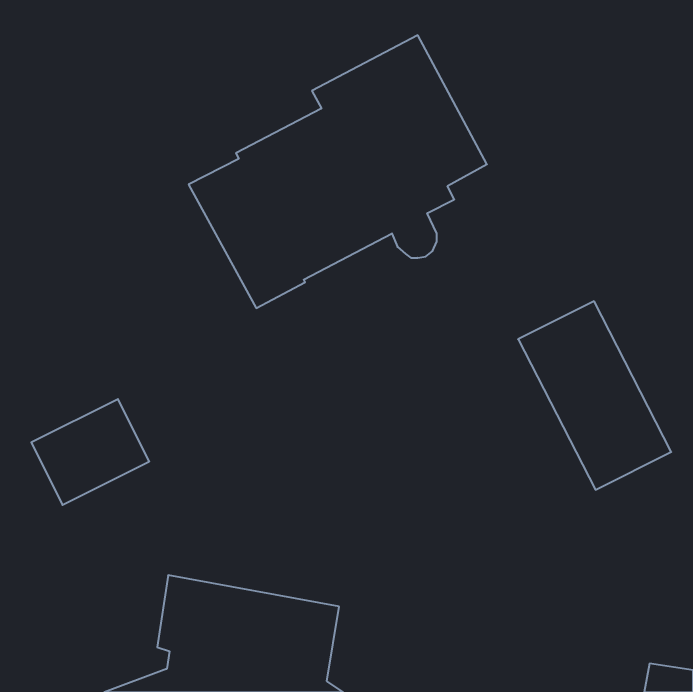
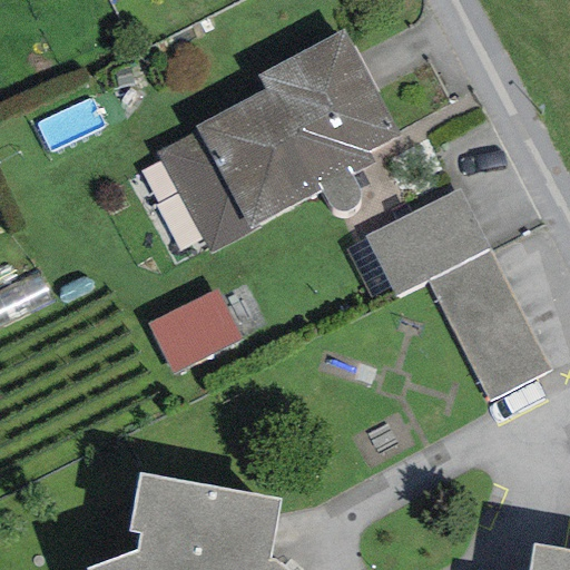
building: none -> [365,189,488,295]
building: [31,399,149,505] -> [146,287,243,374]

